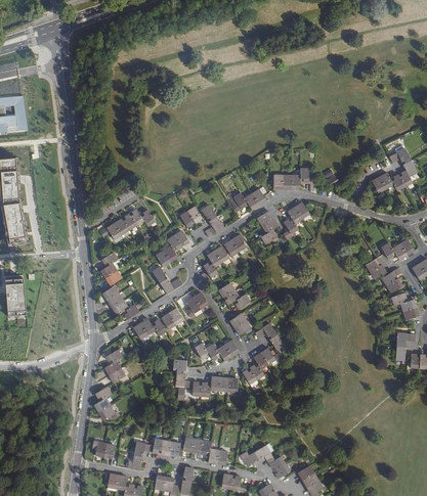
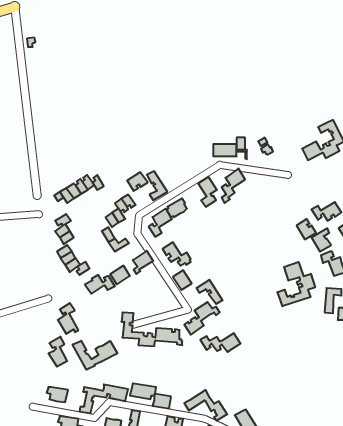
building: [232,186,271,209] -> none
building: none -> [277,262,315,306]
building: [195,340,239,360] -> [200,333,241,352]
building: none -> [73,341,117,370]

